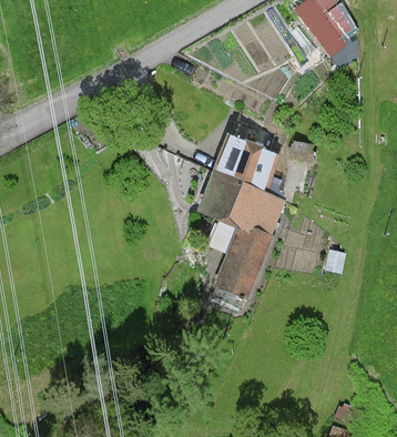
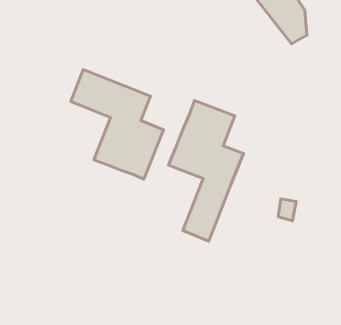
building: none -> [71,69,164,179]

